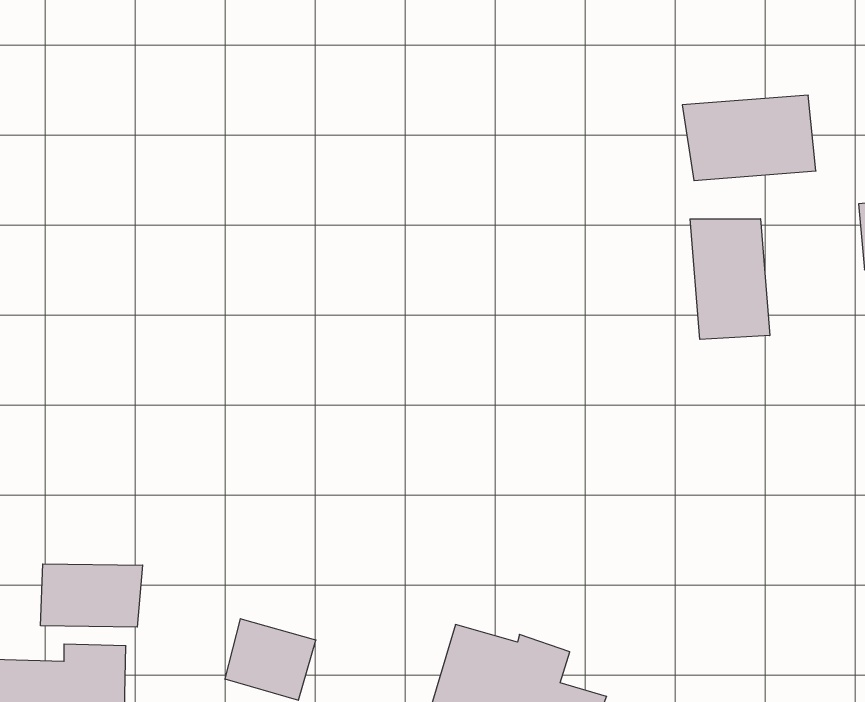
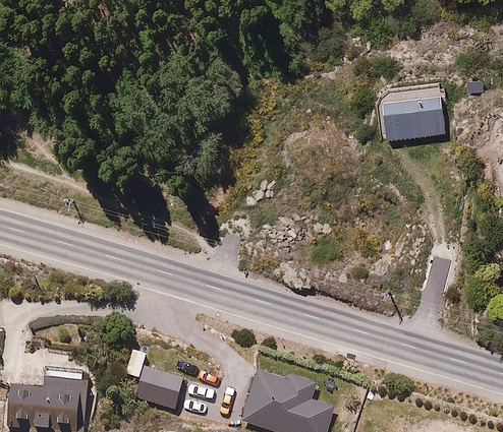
building: [690,219,770,339] -> none
building: [41,564,143,627] -> none

